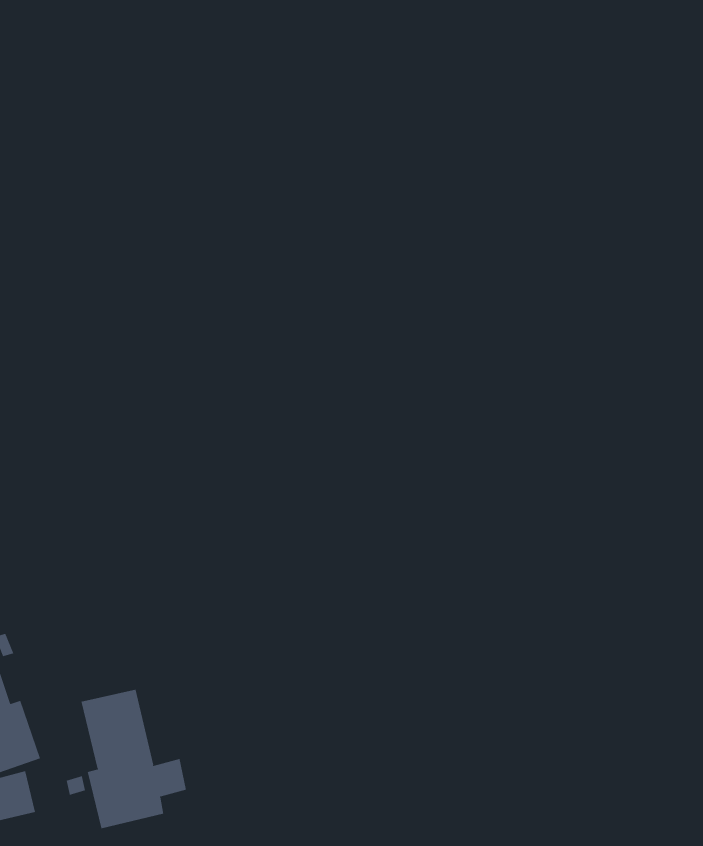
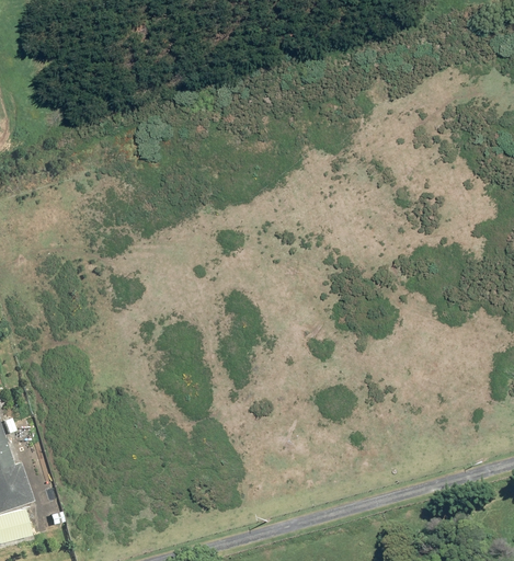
building: [81,689,187,829] -> none

